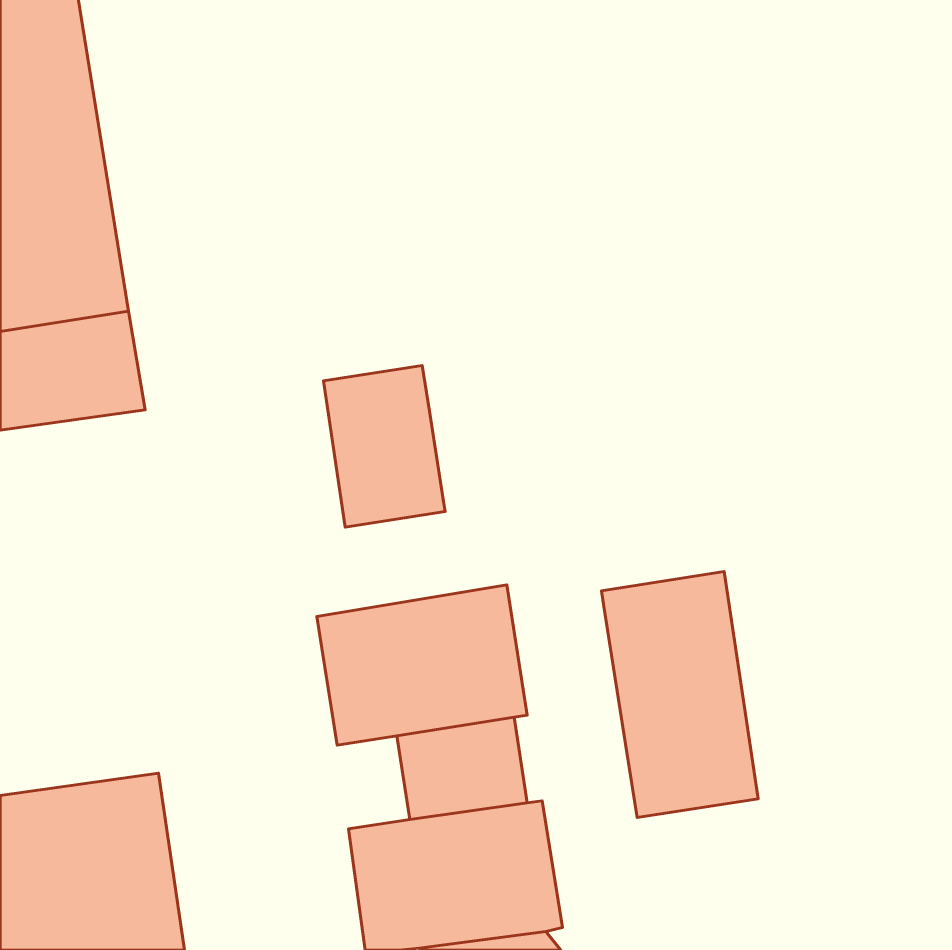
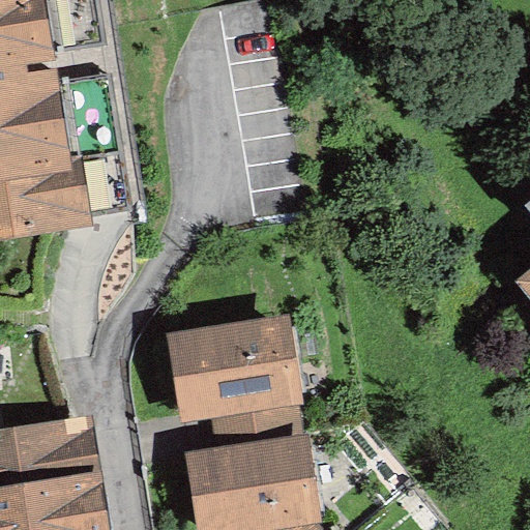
building: [324,366,445,527] -> none
building: [601,572,758,817] -> none

